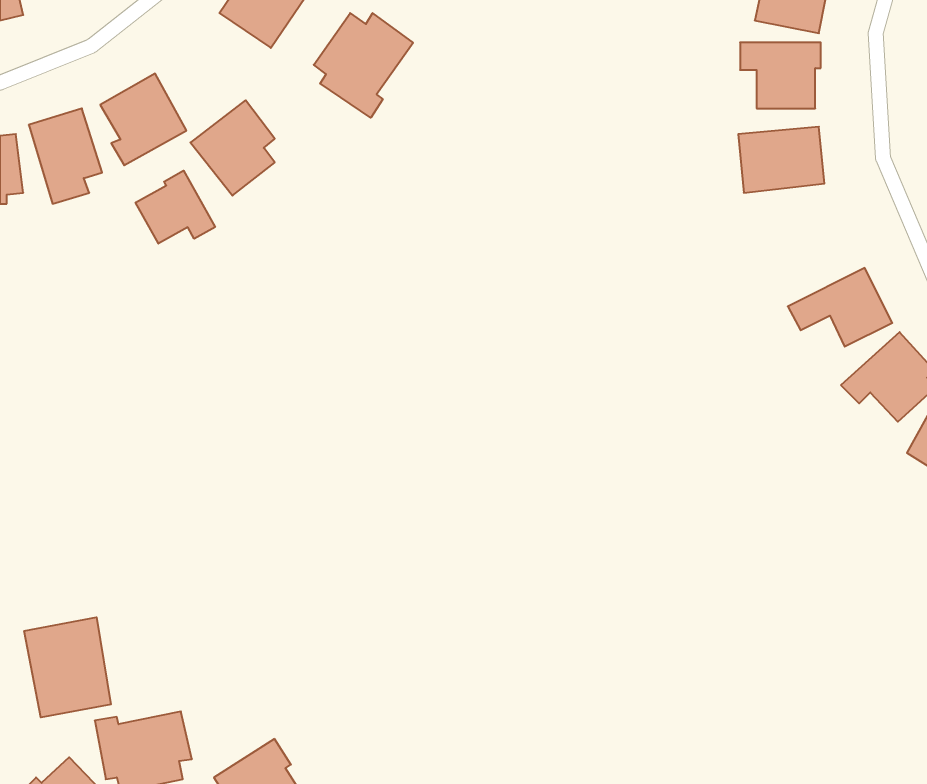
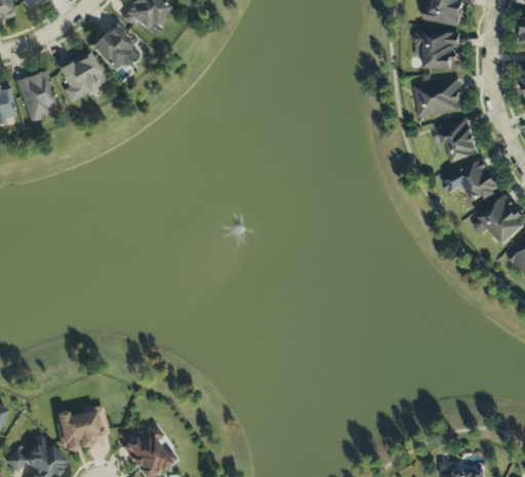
building: [314,13,413,118] -> none
building: [190,100,275,196] -> [89,21,136,74]
building: [136,171,215,244] -> none
building: none -> [435,117,480,163]
building: [24,617,111,717] -> none

